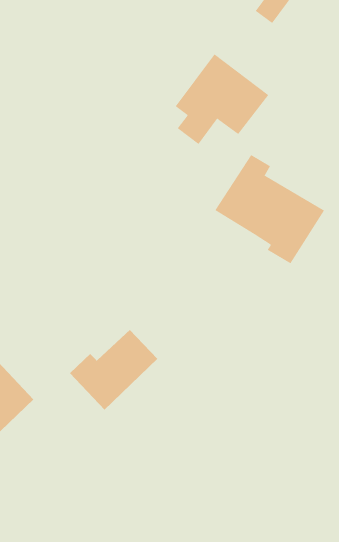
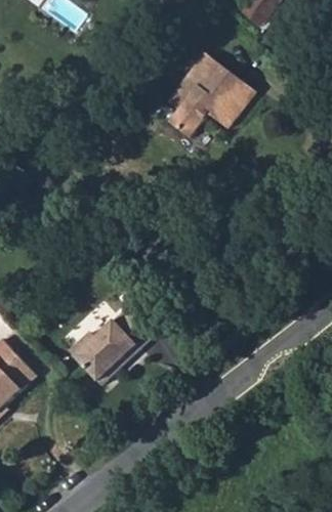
building: [215,154,325,264] -> none

